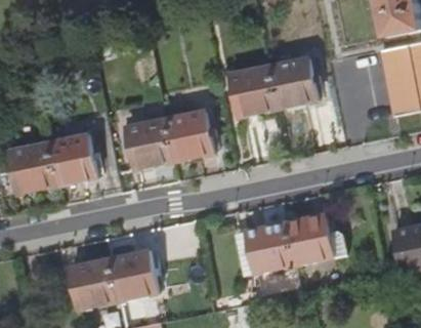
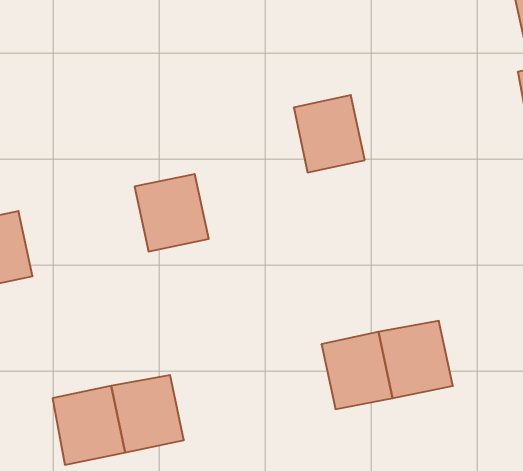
building: [267,57,317,109] -> none
building: [164,110,213,161] -> none
building: [47,134,95,186] -> none

